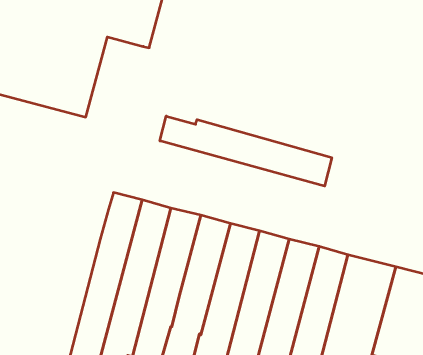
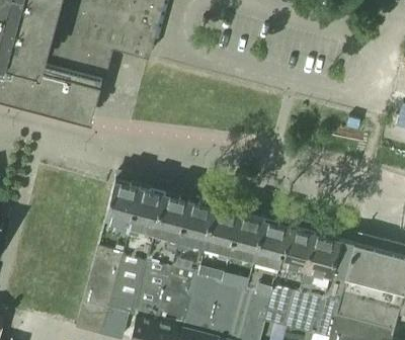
building: [160,116,332,186] -> none

